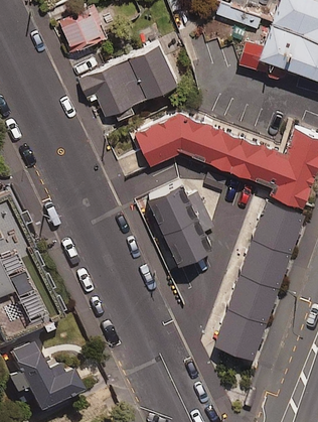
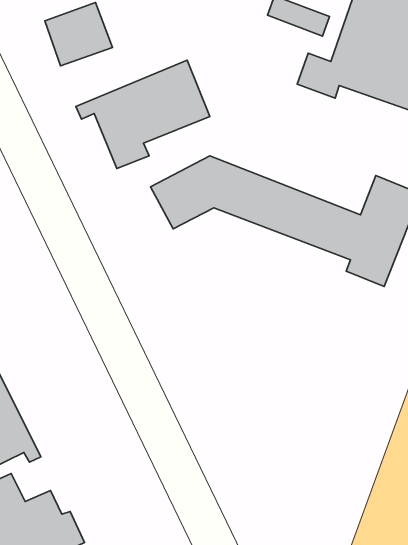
building: [147,183,213,266] -> none
building: [212,202,303,360] -> none

